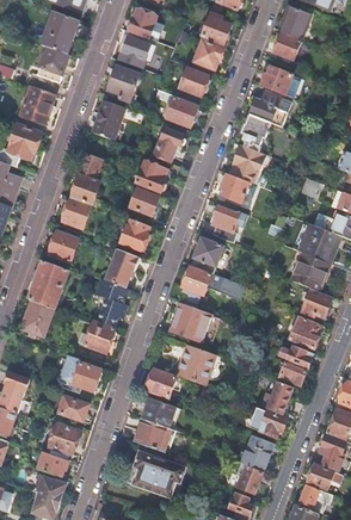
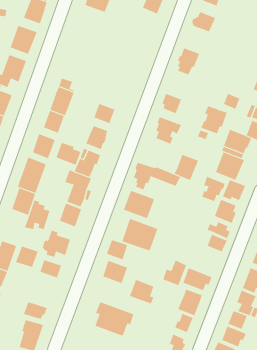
building: [107,68,138,103] -> none
building: [179,69,209,98] -> none
building: [154,89,197,128] -> none
building: [248,93,289,128] -> none
building: [92,100,124,141] -> none
building: [153,129,184,163] -> none
building: [230,146,266,184] -> [201,105,228,134]
building: [135,161,166,192] -> none
building: [190,239,223,273] -> [174,154,199,180]
building: none -> [56,142,81,165]
building: none -> [201,176,226,202]
building: none -> [24,200,50,230]
building: [260,380,293,415] -> [163,260,187,286]
building: [133,419,166,452] -> [129,279,154,304]
building: [48,425,79,453] -> [15,246,39,268]

